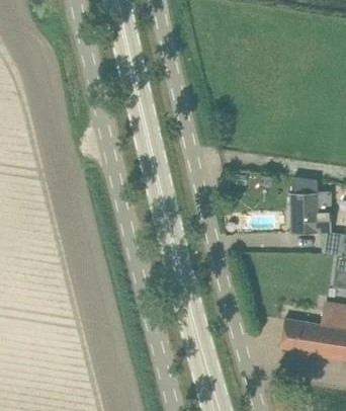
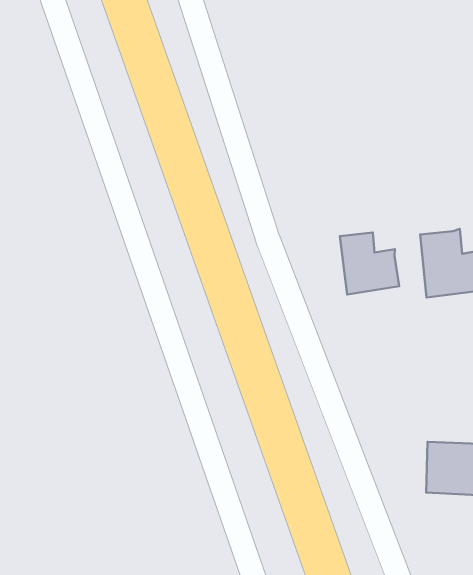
building: none -> [340,232,399,294]

